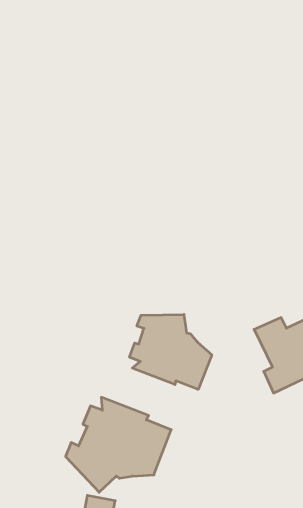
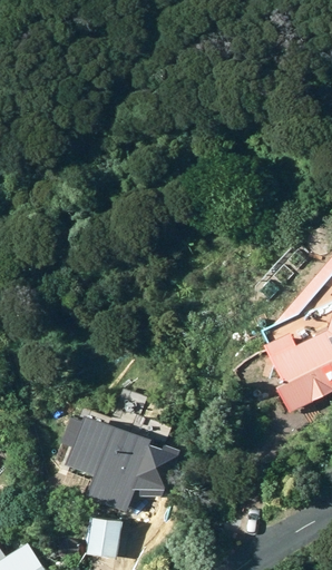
building: [130,314,212,389] -> none

